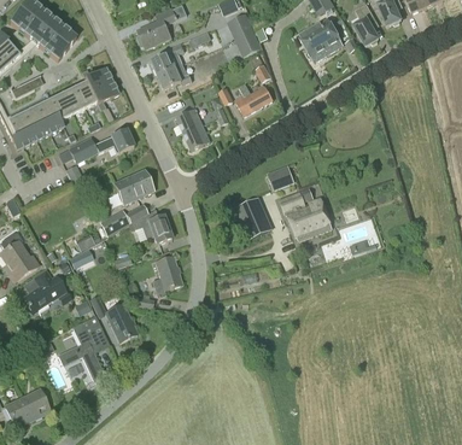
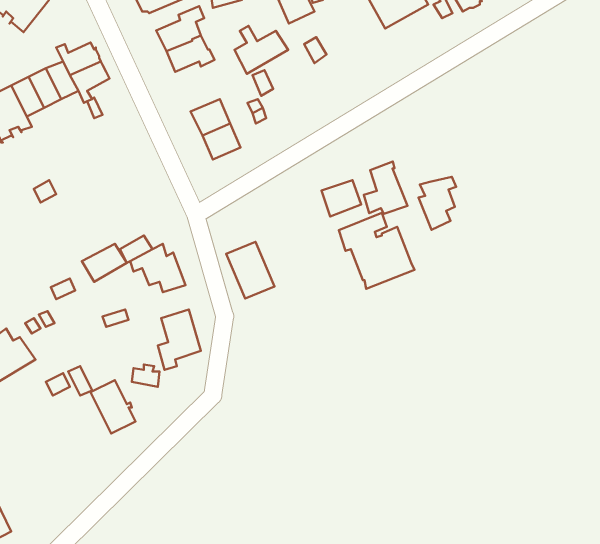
building: [235,82,273,116] -> [235,26,288,74]
building: [69,129,134,162] -> none
building: none -> [364,161,408,214]
building: none -> [419,177,456,230]
building: [113,169,153,204] -> none
building: [236,198,270,238] -> [226,242,274,299]
building: [57,315,105,380] -> none

